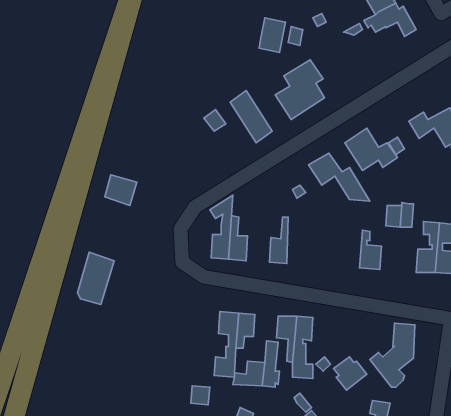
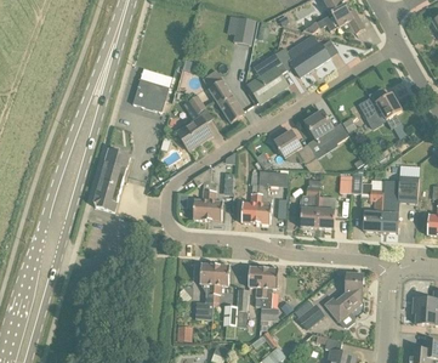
building: none -> [275,39,330,75]
building: none -> [133,76,170,109]
building: none -> [176,114,212,149]
building: none -> [256,170,278,223]
building: none -> [300,177,320,226]
building: [78,252,114,305] -> [95,166,125,210]

